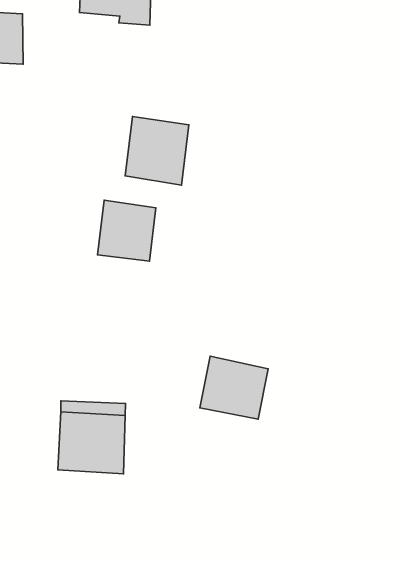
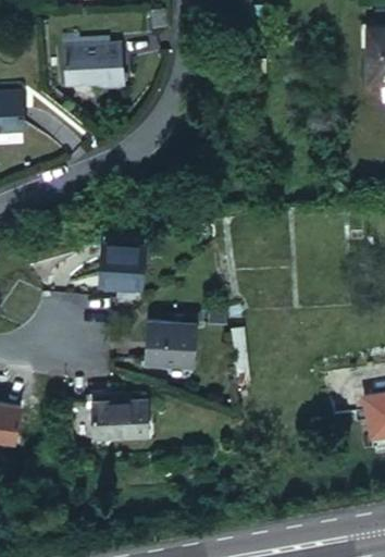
building: [125,117,189,185] -> none
building: [200,356,268,419] -> [148,321,199,367]

